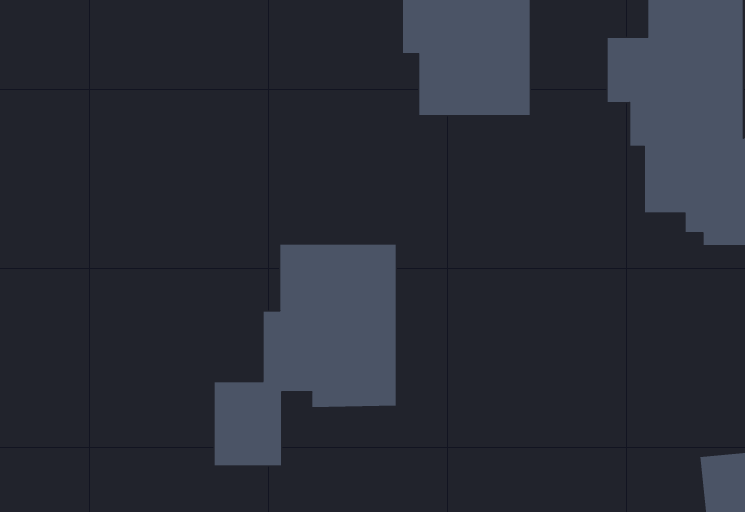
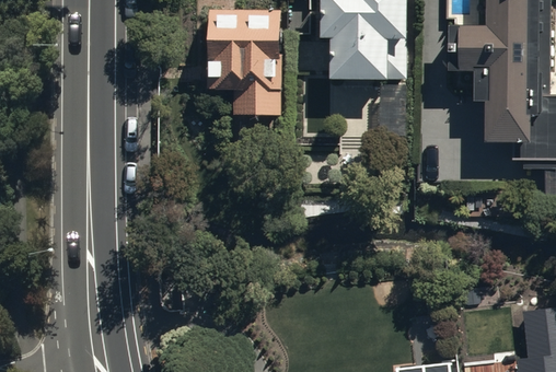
building: none -> [207,10,281,114]
building: [214,244,396,466] -> none

